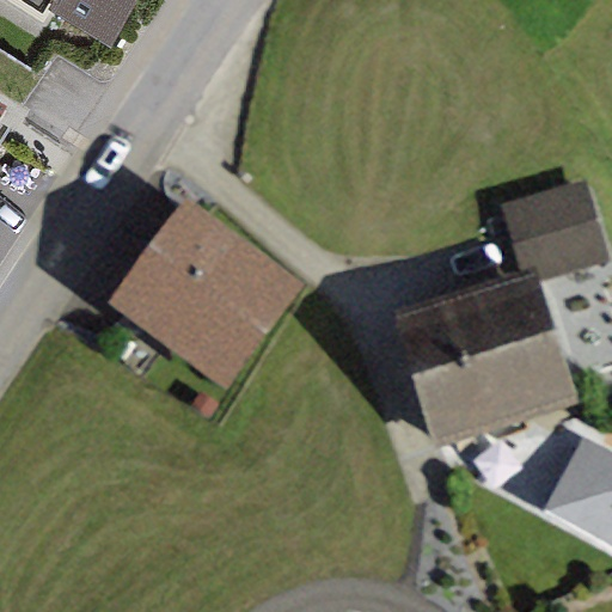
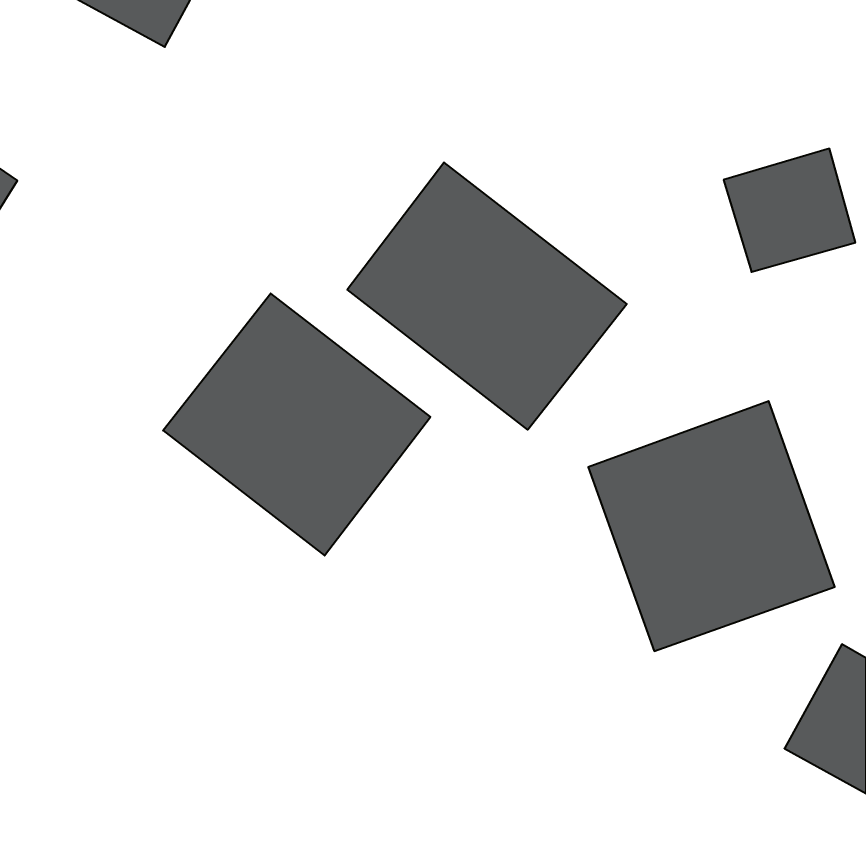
building: none -> [347,162,627,430]
building: [501,182,592,267] -> [724,149,855,272]

